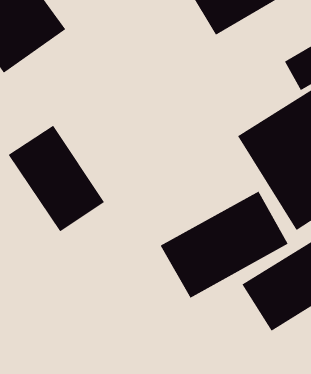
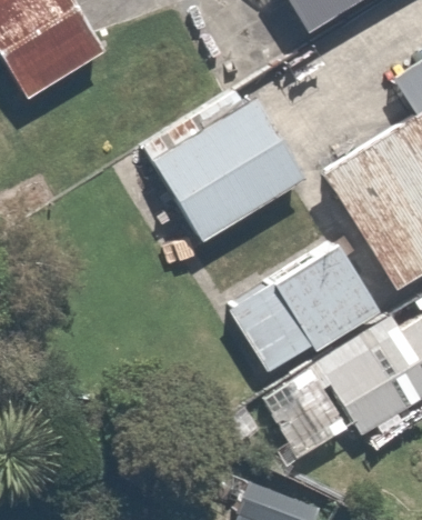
building: none -> [140,79,313,242]
building: [8,125,105,232] -> none

